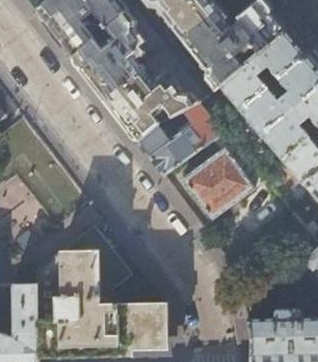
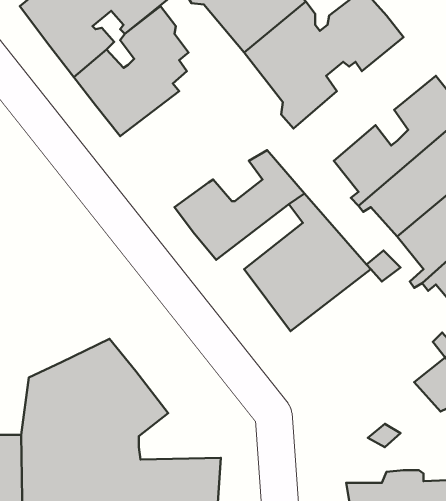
building: [214,32,306,112] -> none
building: [102,67,199,142] -> none

